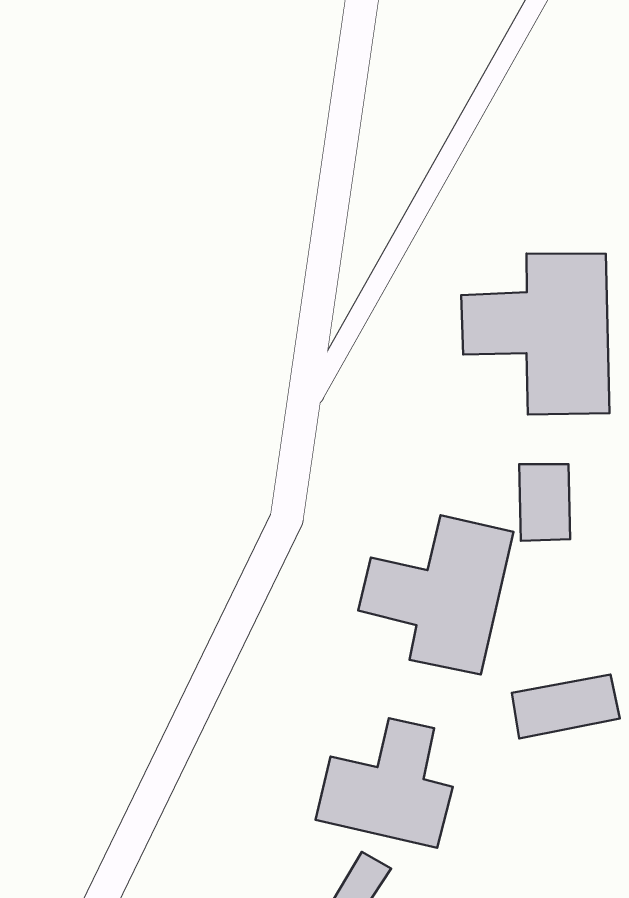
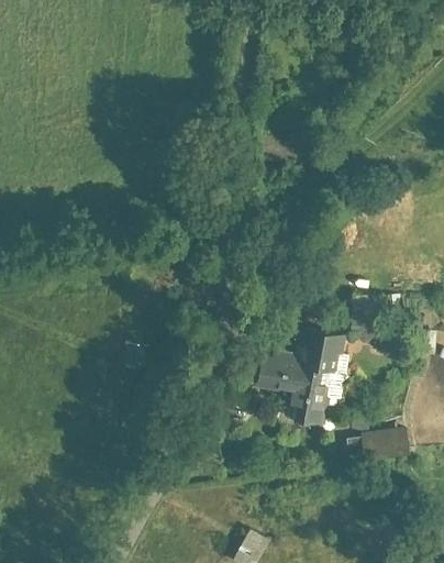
building: [461,254,610,415] -> none
building: [316,718,453,848] -> none

